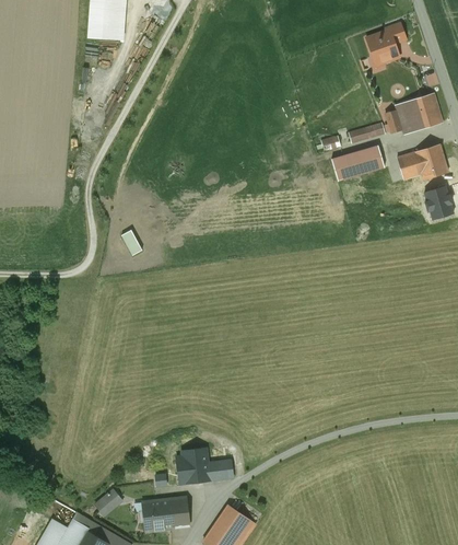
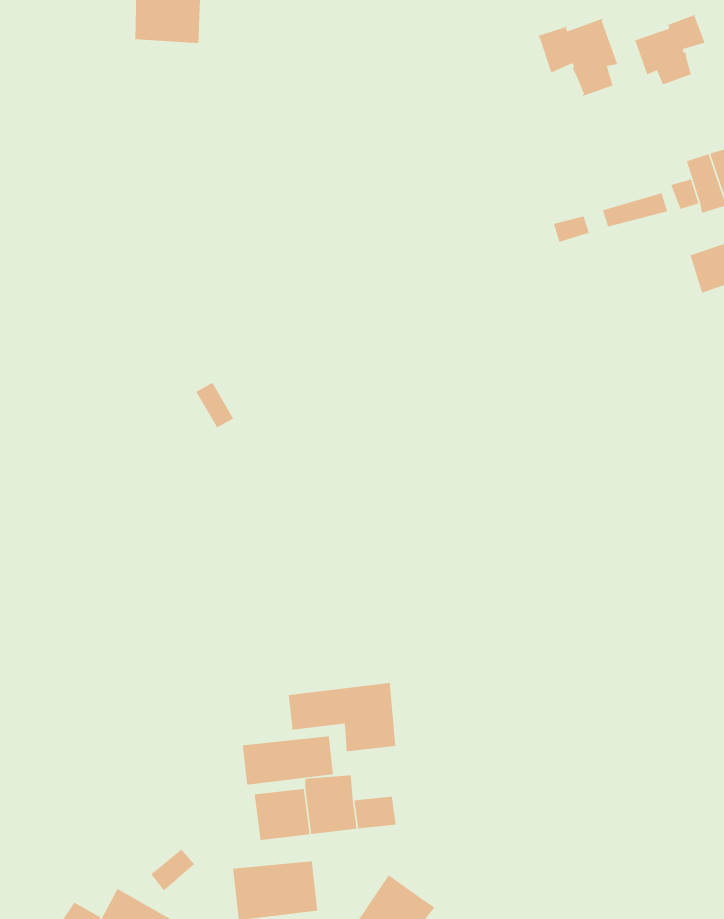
building: none -> [538,17,618,98]
building: [331,144,385,181] -> none
building: none -> [288,682,396,752]
building: none -> [242,735,334,786]

